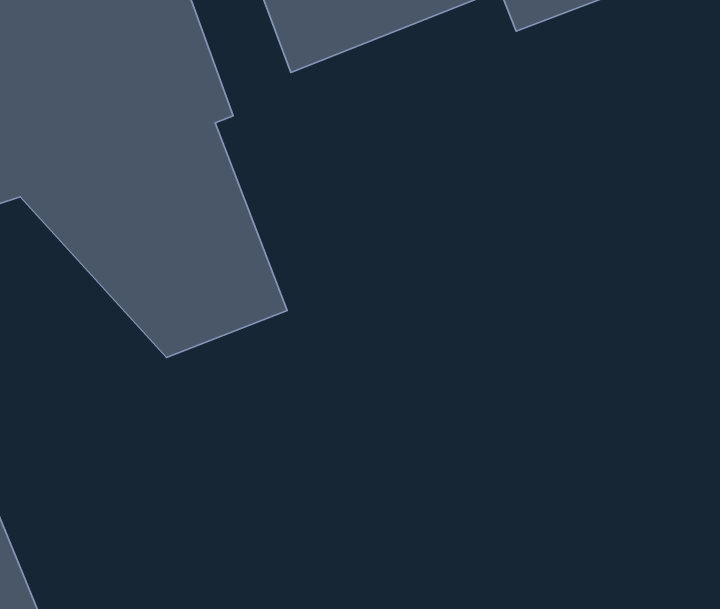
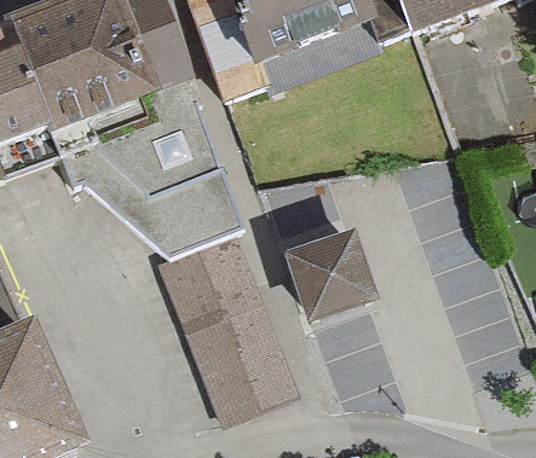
building: none -> [156,225,298,412]
building: none -> [283,233,371,321]

